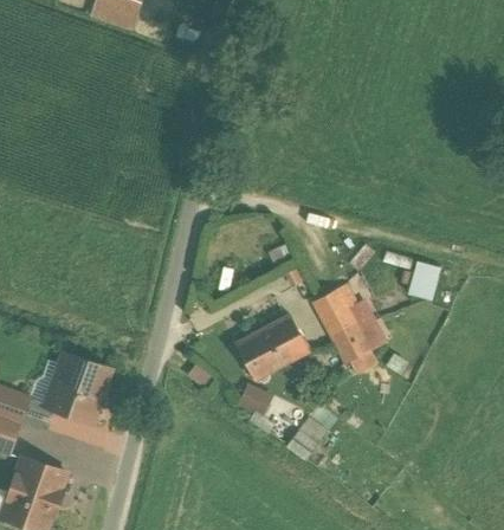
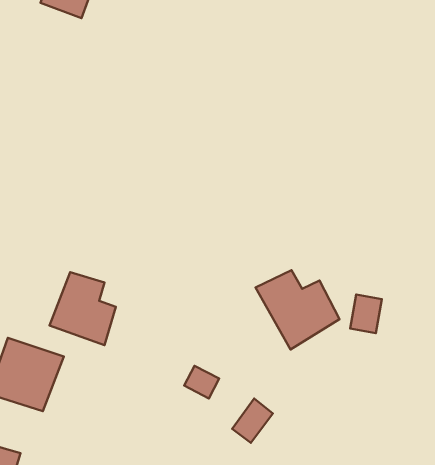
building: [407,259,439,298] -> [350,295,382,333]
building: none -> [49,272,116,345]
building: [231,312,310,383] -> none

